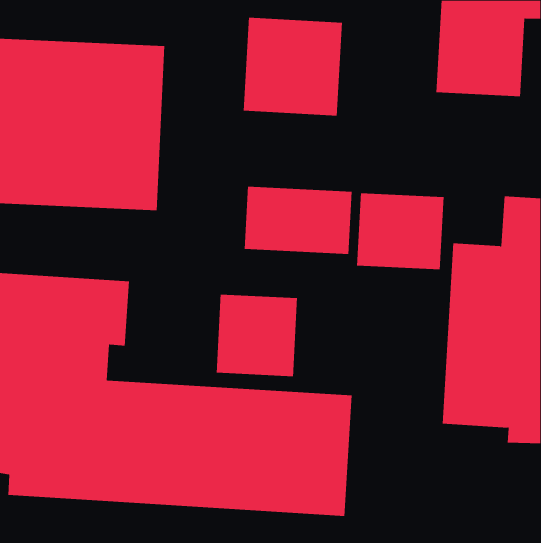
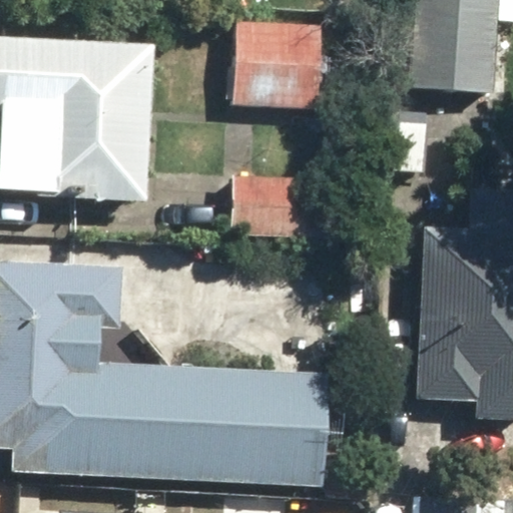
building: [357,192,444,270] -> none
building: [216,294,297,377] -> none

